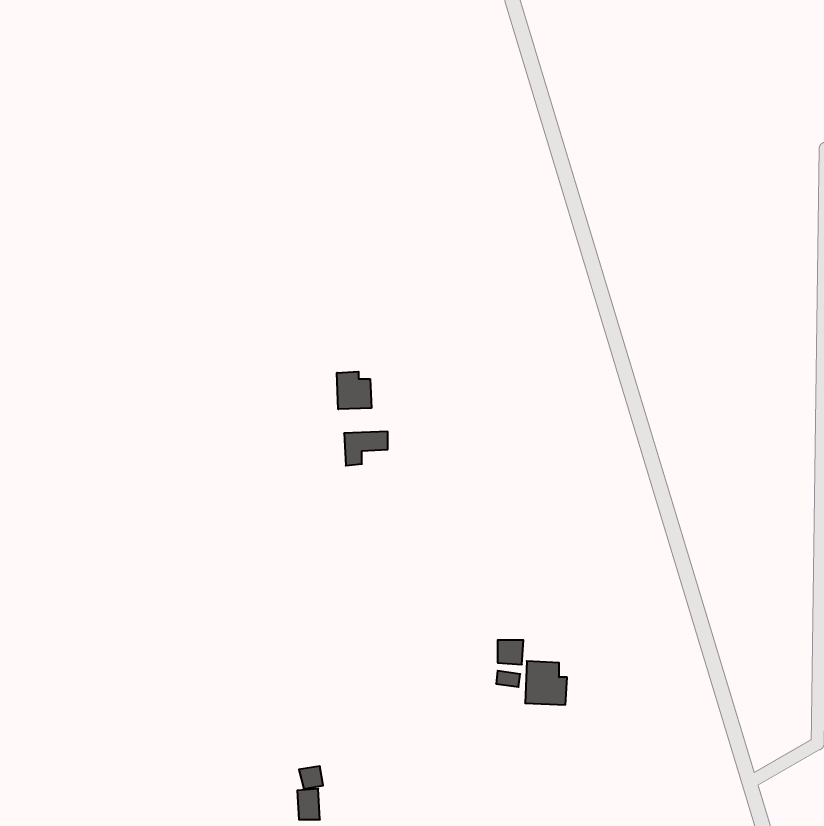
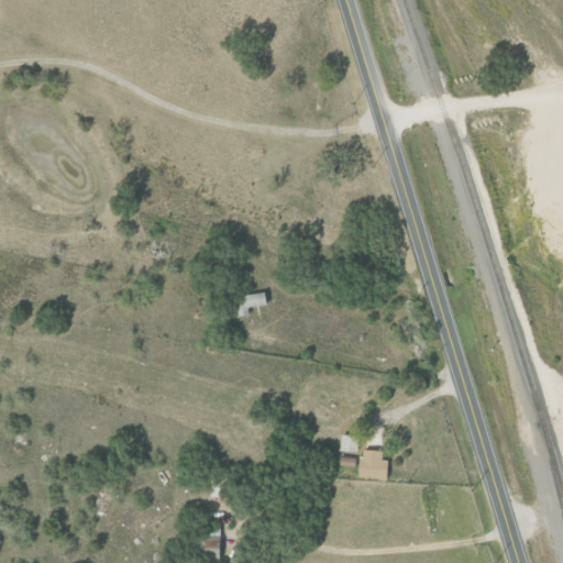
building: [337,372,371,409] -> none

